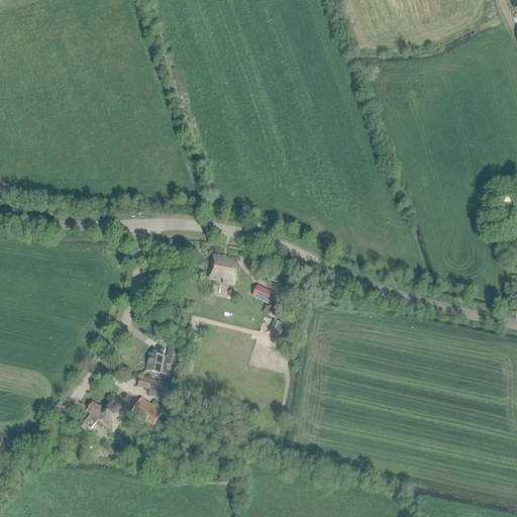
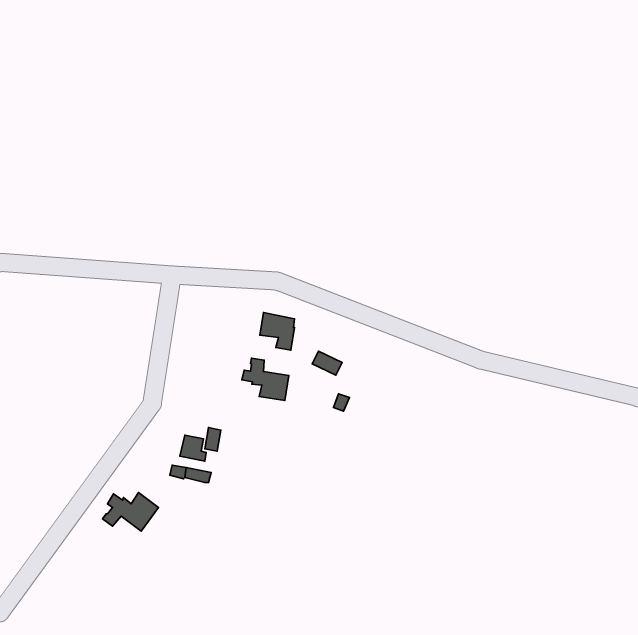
building: none -> [242,358,289,401]
building: [131,397,162,426] -> none

